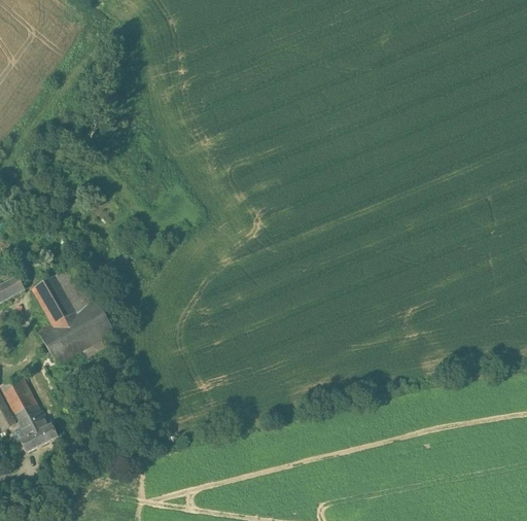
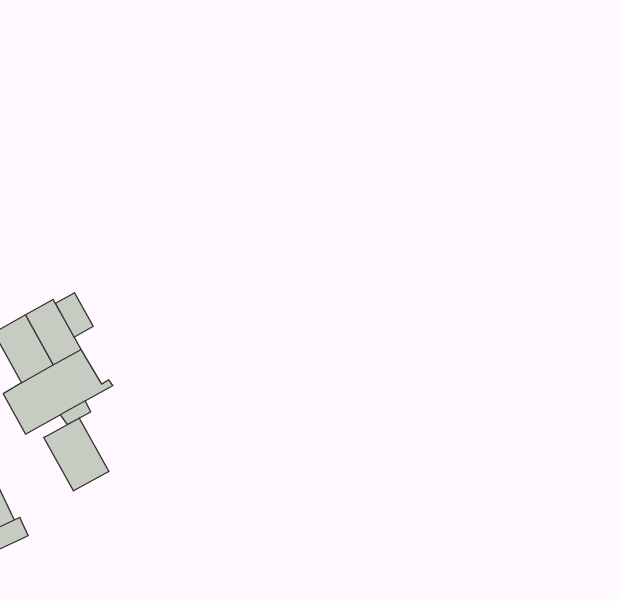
building: none -> [56,293,93,337]
building: none -> [44,418,109,491]

